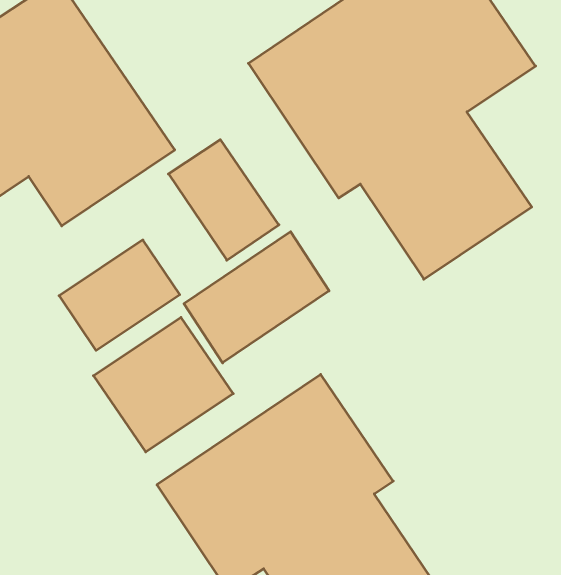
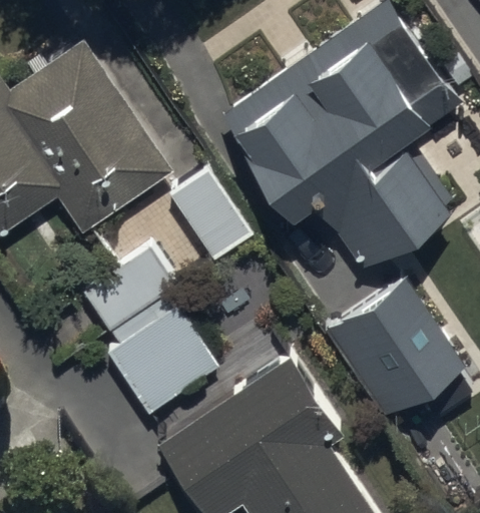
building: [184,232,329,363] -> none
building: none -> [325,276,466,420]

